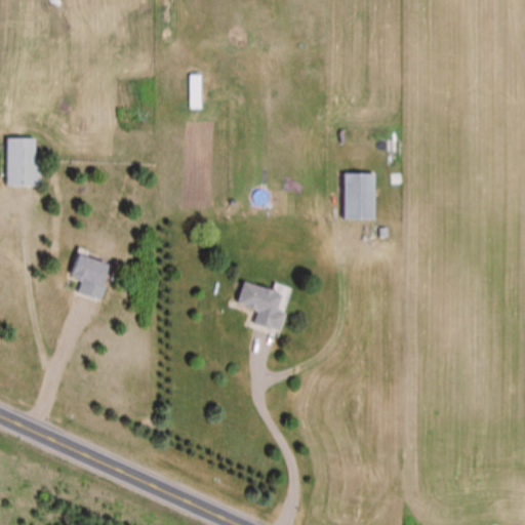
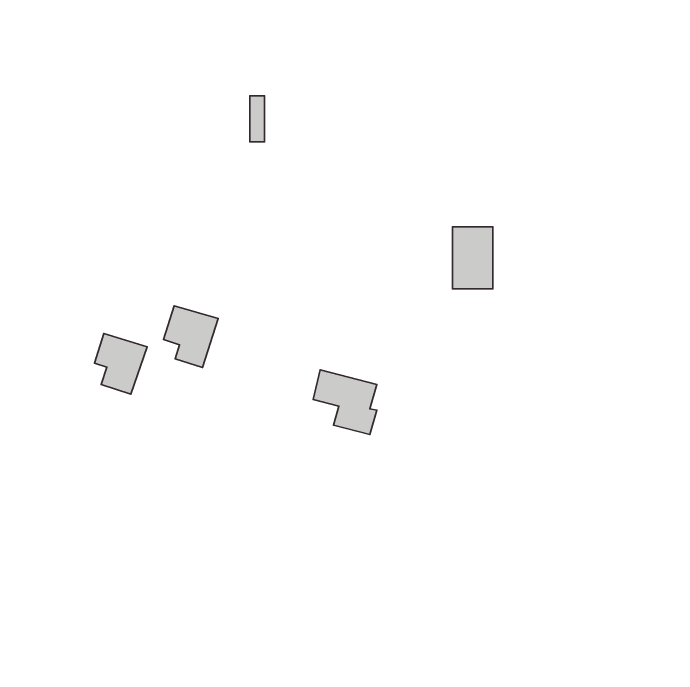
building: [8,137,42,185] -> none
building: none -> [164,306,218,367]

